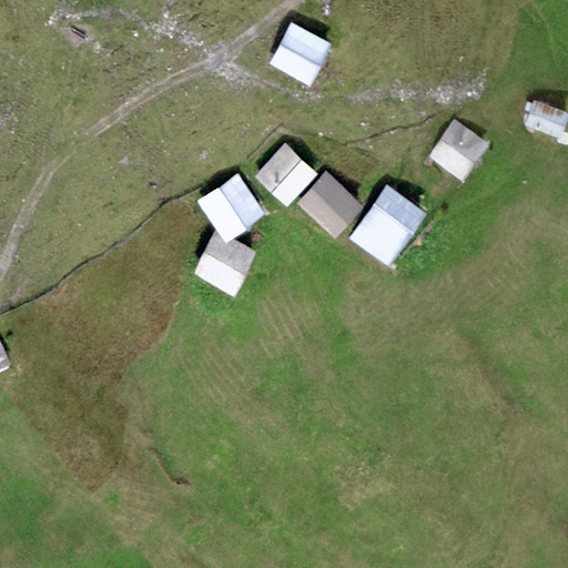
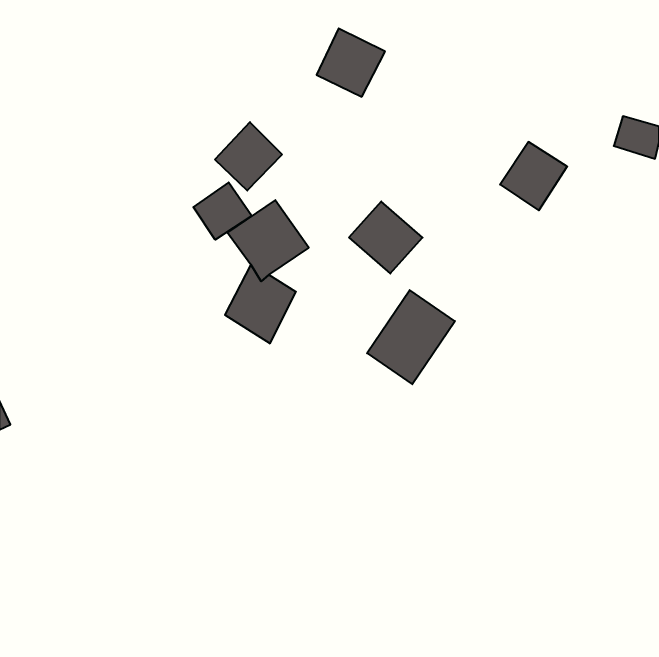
building: [257,143,315,202] -> [215,122,282,191]
building: none -> [193,182,252,240]
building: [351,184,426,265] -> [367,290,455,384]

